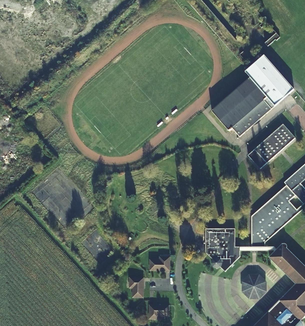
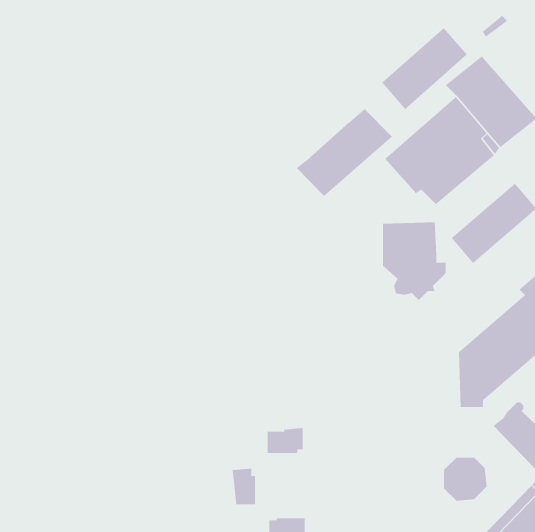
building: none -> [381,28,468,110]
building: none -> [296,108,393,197]
building: [205,228,240,271] -> [382,222,447,301]

